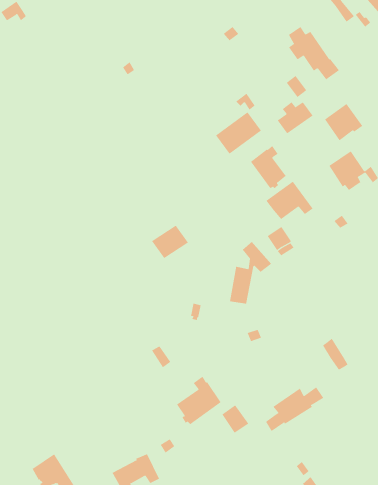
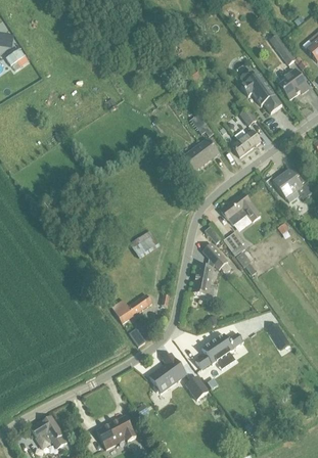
building: [324,103,363,141] -> [276,71,308,101]
building: [250,145,287,189] -> none
building: none -> [111,293,152,323]
building: [265,387,324,432] -> [195,332,243,369]

